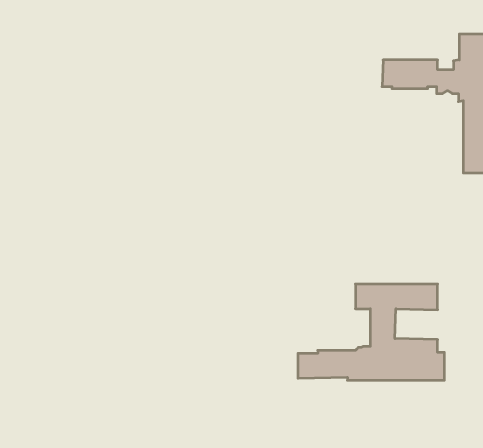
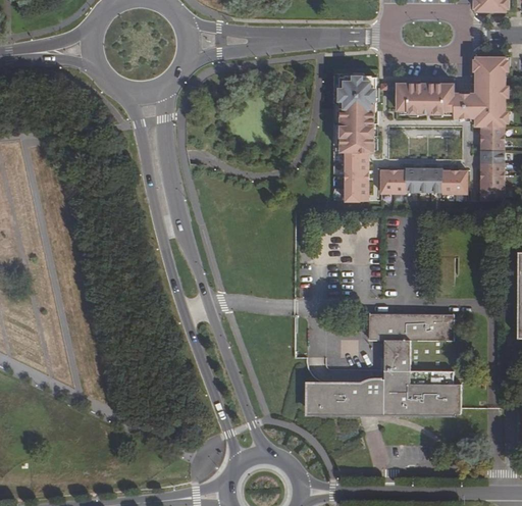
building: none -> [337,75,375,201]
building: none -> [379,168,465,194]

